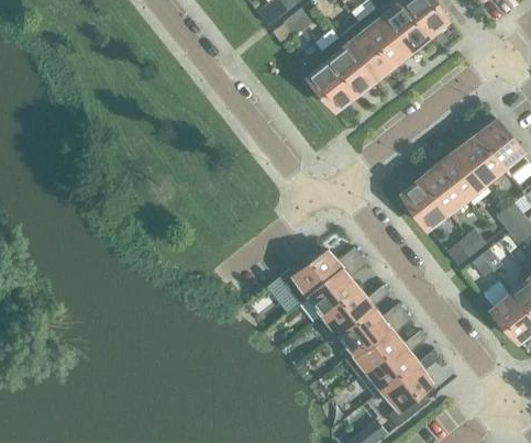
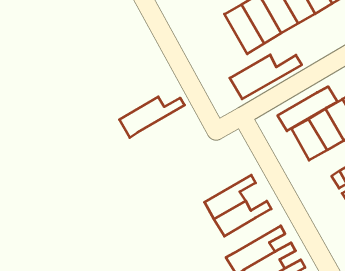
building: none -> [230,55,302,99]
building: none -> [278,87,337,131]
building: [285,248,361,304] -> [119,97,185,138]
building: [339,303,405,353] -> none

